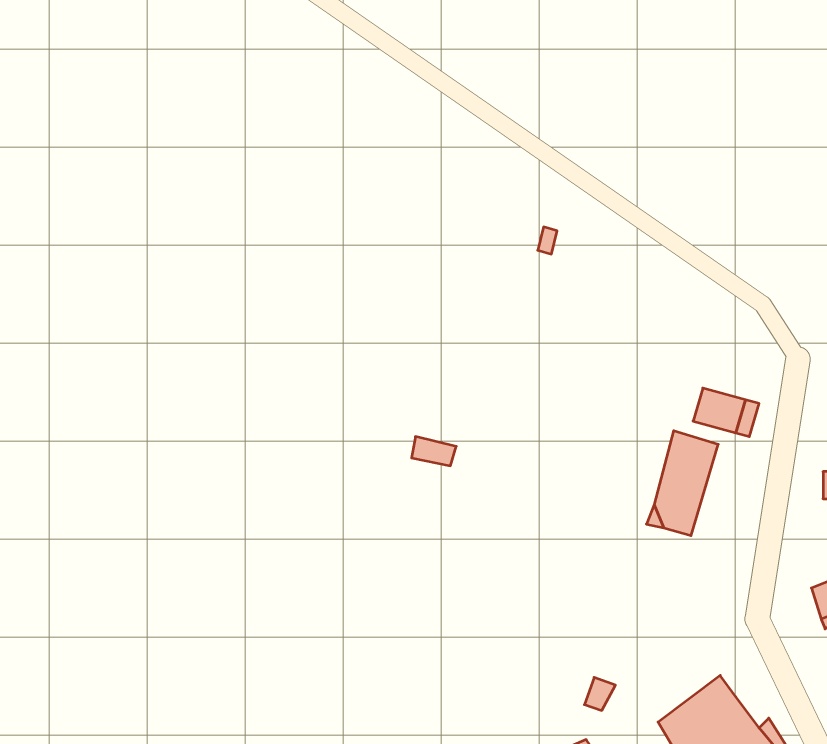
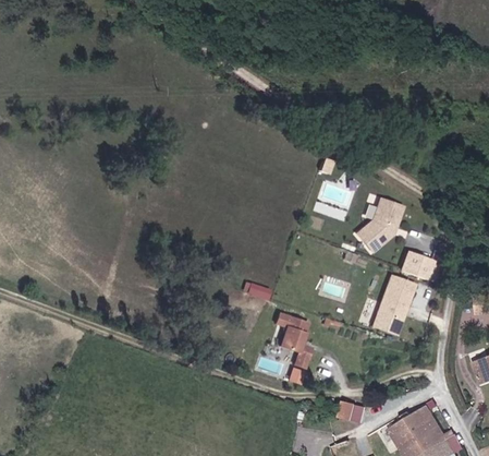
building: none -> [355,200,398,250]
building: none -> [279,317,316,372]

